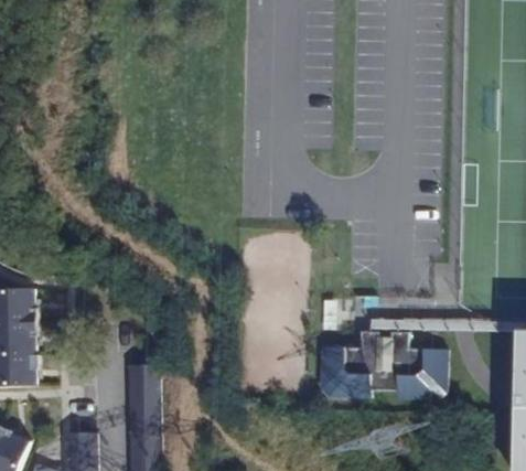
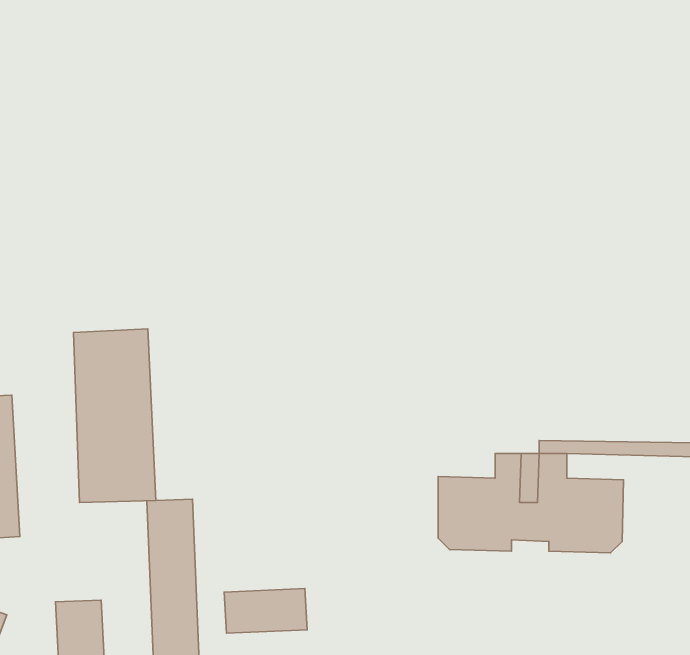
building: none -> [74,329,156,502]
building: none -> [224,589,307,633]

